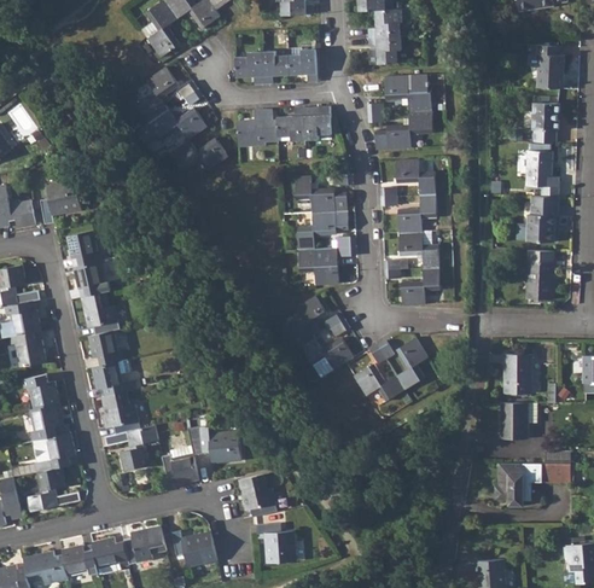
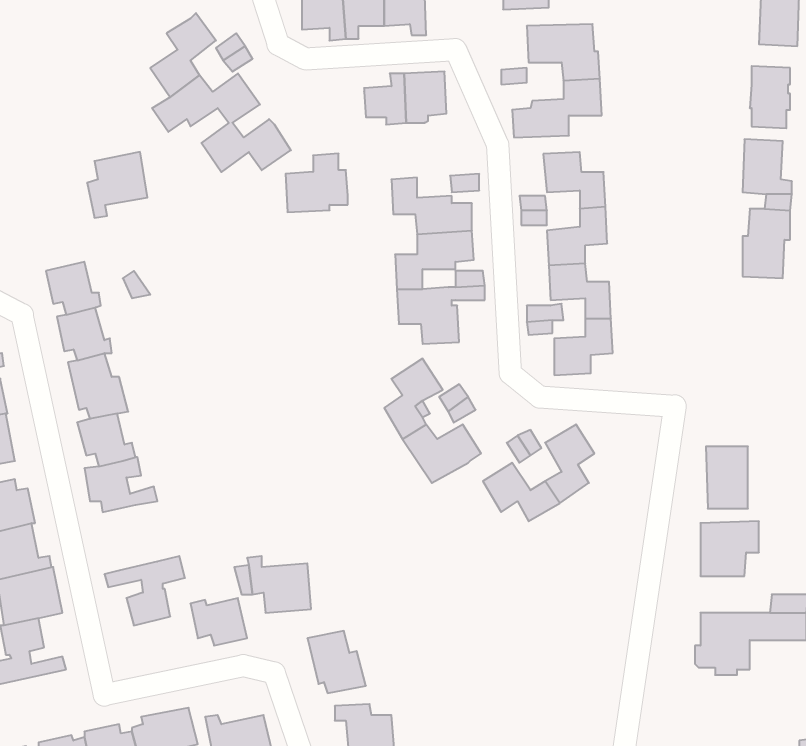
building: [237,107,278,146] -> [286,154,348,212]
building: [41,180,81,223] -> [87,152,147,218]
building: [526,250,553,299] -> none
building: [101,391,140,435] -> none

